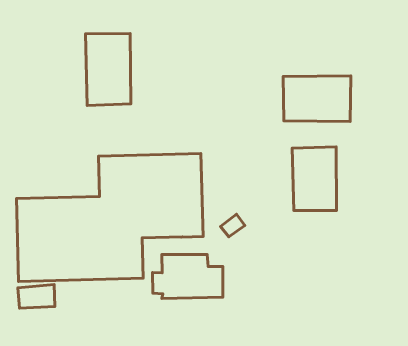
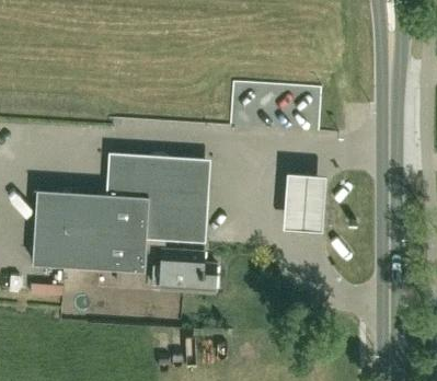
building: [85,34,131,105] -> none
building: [283,76,351,121] -> none

